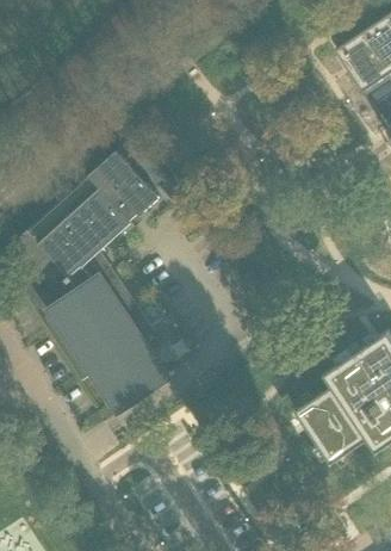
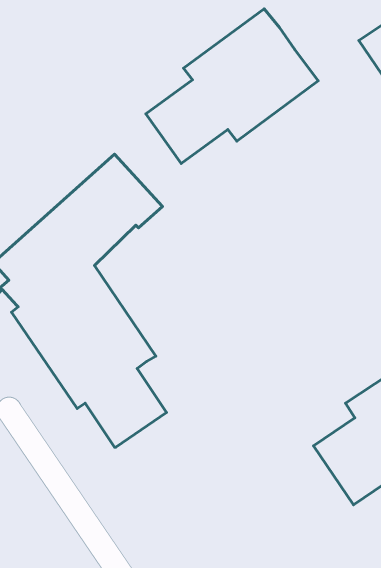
building: none -> [146,9,318,163]

